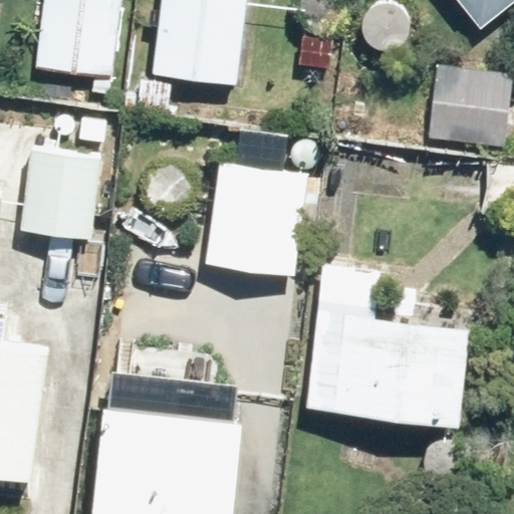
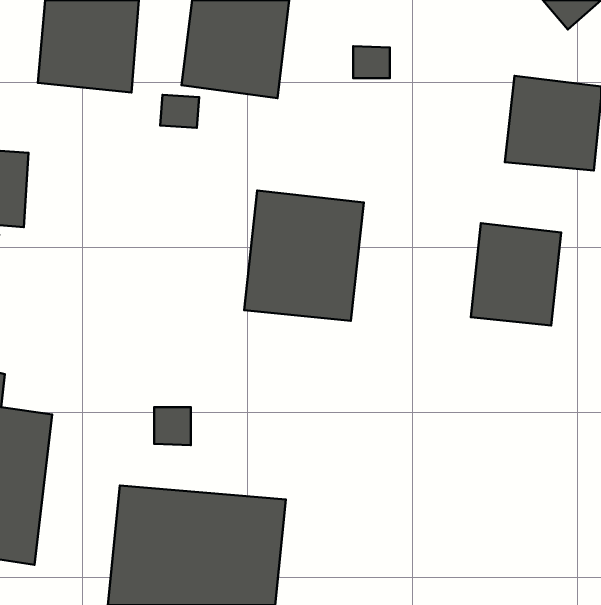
building: [22,149,96,238] -> none
building: none -> [471,223,561,326]
building: [307,264,469,424] -> none

